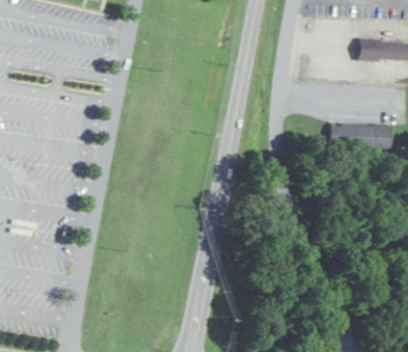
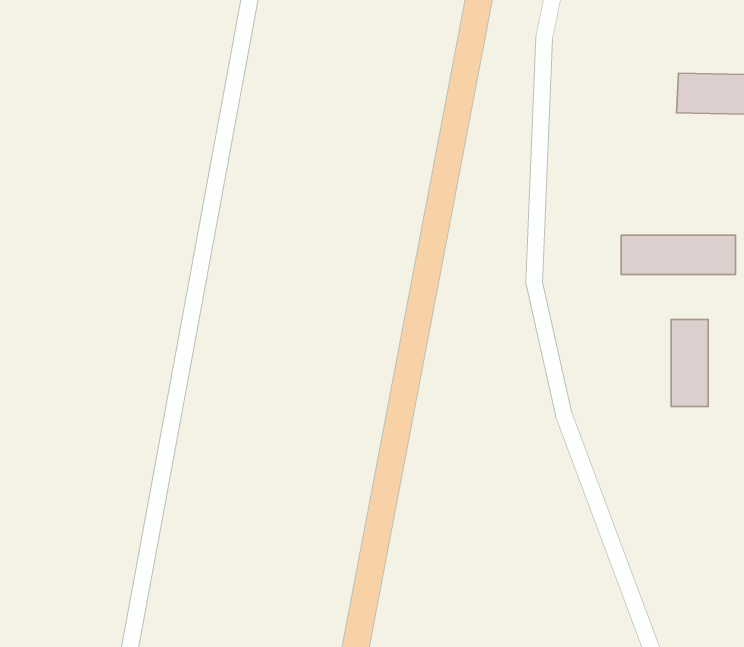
building: none -> [671,320,708,407]

